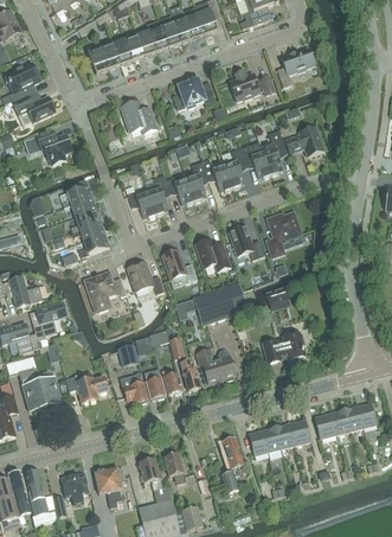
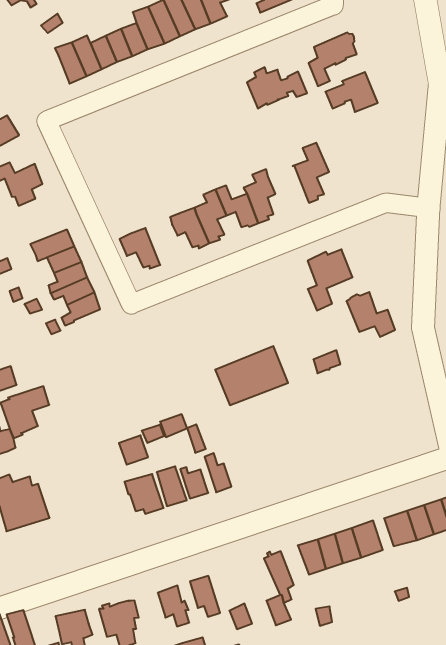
building: [173,77,213,109] -> none
building: [120,100,156,132] -> none
building: [284,126,323,155] -> [325,72,378,112]
building: [240,146,270,177] -> none
building: [146,174,169,215] -> none
building: [227,225,263,260] -> [346,292,395,337]
building: [194,237,230,270] -> none
building: [161,249,197,282] -> none
building: [126,261,163,293] -> none
building: [83,270,126,309] -> none
building: [262,331,303,362] -> none
building: [195,349,234,383] -> none
building: [73,370,107,401] -> none

